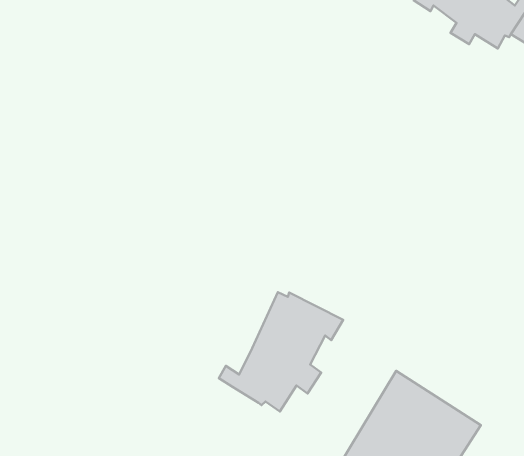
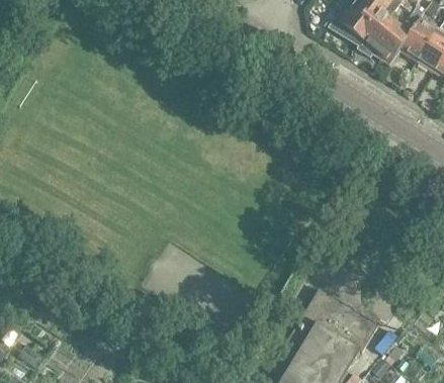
building: [219,292,343,412] -> none

